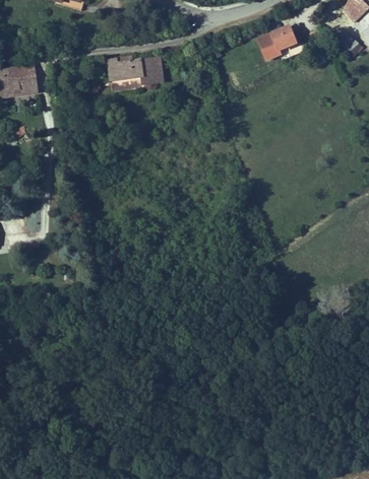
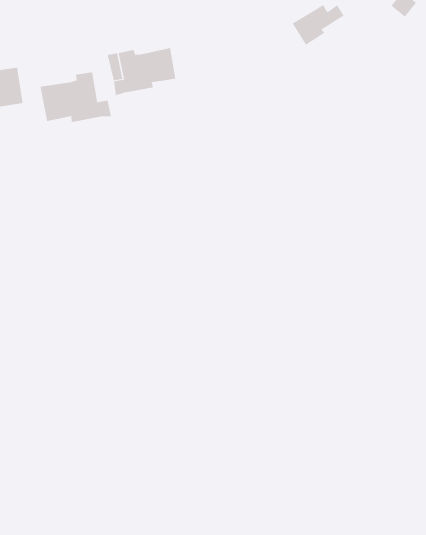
building: none -> [40,71,112,123]

